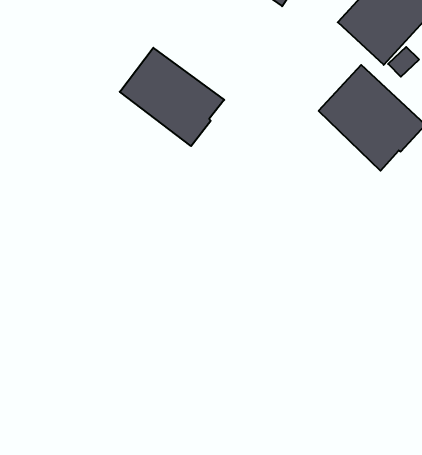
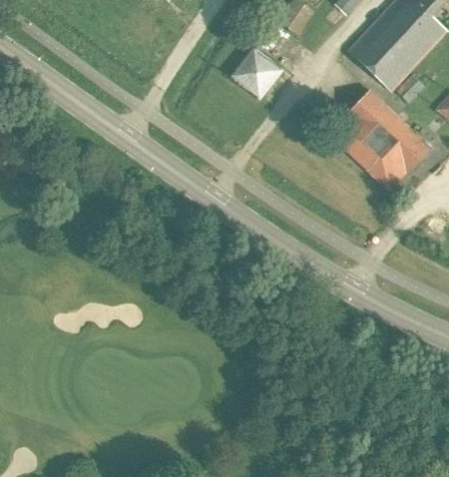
building: none -> [232,48,283,99]
building: [120,48,224,146] -> none

